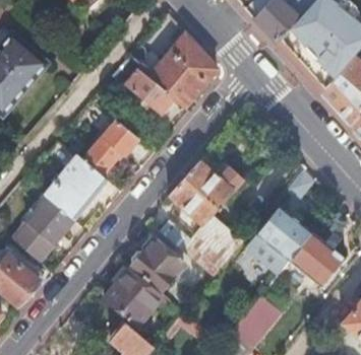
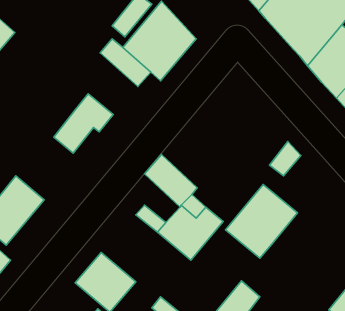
building: [45,156,104,220] -> none
building: [184,161,246,209] -> none
building: [288,227,344,287] -> none
building: [131,240,182,290] -> none

